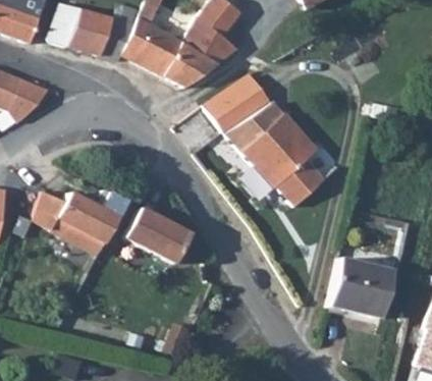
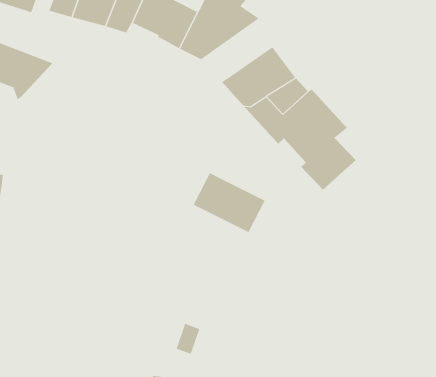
building: [36,192,119,255] -> none
building: [125,209,192,264] -> [193,173,265,233]
building: [331,258,392,318] -> none

